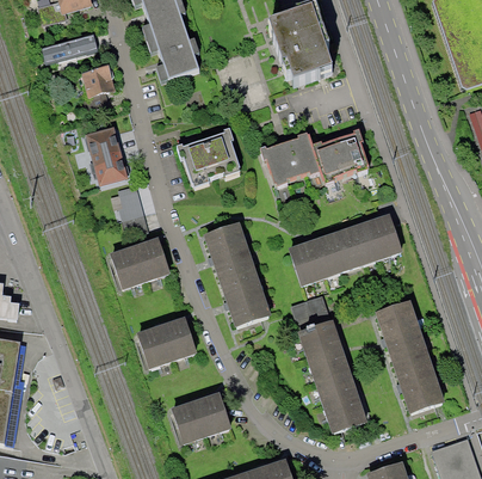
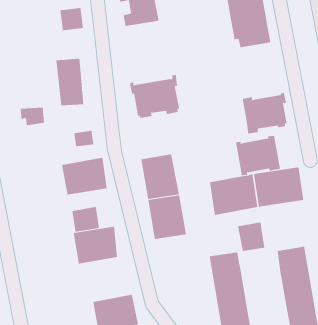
building: [261,133,320,186] -> [235,135,281,176]
building: [109,190,141,215] -> [20,107,45,126]
building: [290,296,327,334] -> [237,222,265,251]
building: none -> [72,206,100,232]

